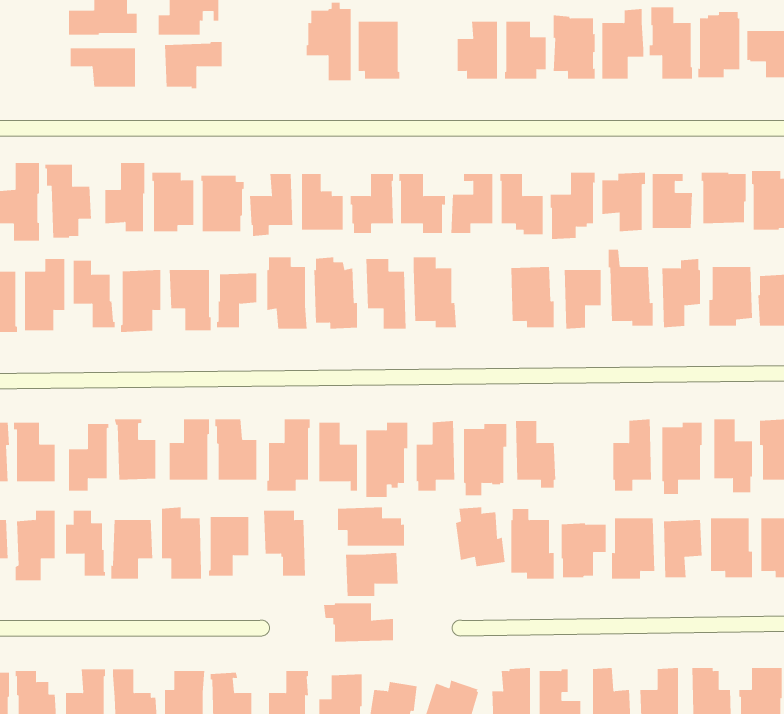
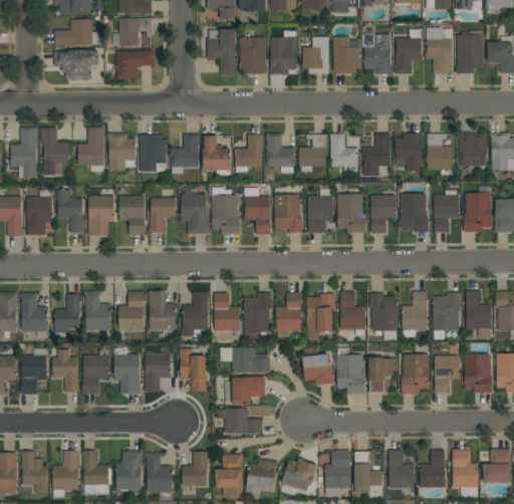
building: none -> [269,36,296,74]
building: none -> [307,193,332,233]
building: none -> [369,292,398,338]

